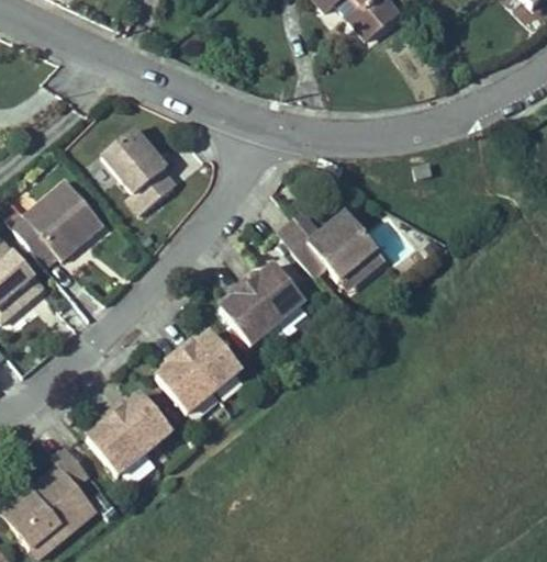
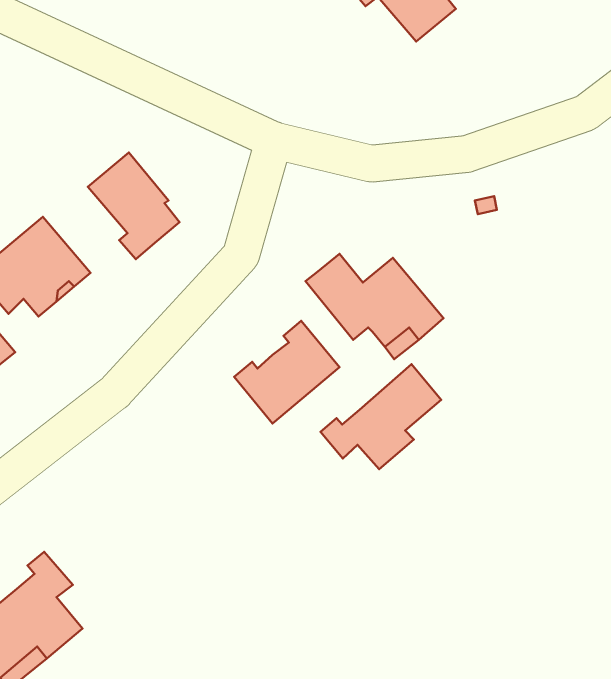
building: none -> [321,364,441,469]
building: [157,331,243,414] -> none
building: [88,392,172,474] -> none

